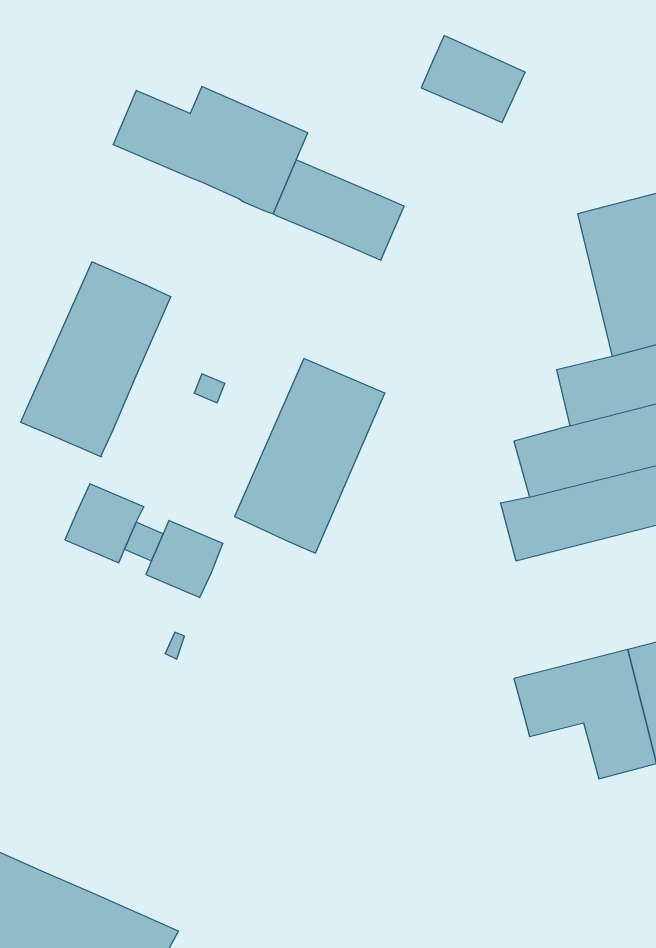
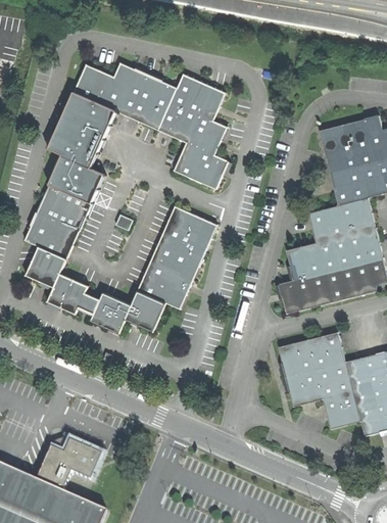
building: [421,36,525,122] -> [170,74,225,120]
building: none -> [48,93,115,168]
building: none -> [173,142,228,189]
building: none -> [25,246,66,288]
building: none -> [125,290,165,332]
building: none -> [278,332,345,376]
building: none -> [35,435,103,490]

